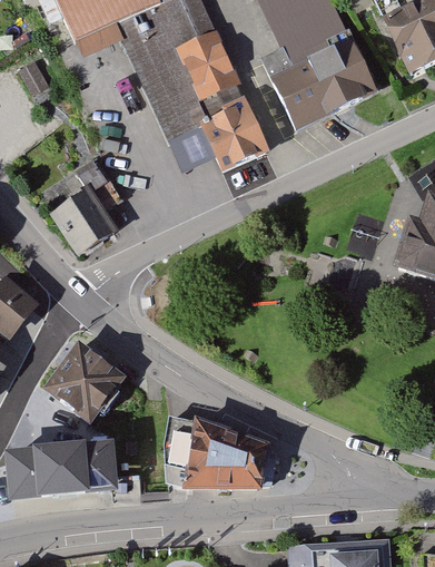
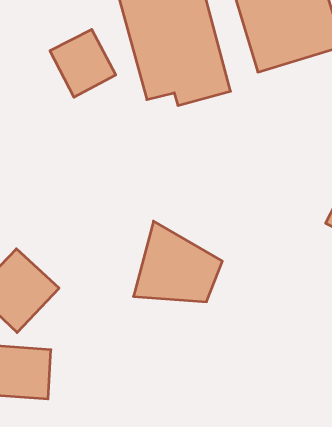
building: [48,184,118,255] -> [50,29,116,97]
building: [181,412,266,491] -> [133,221,222,302]

